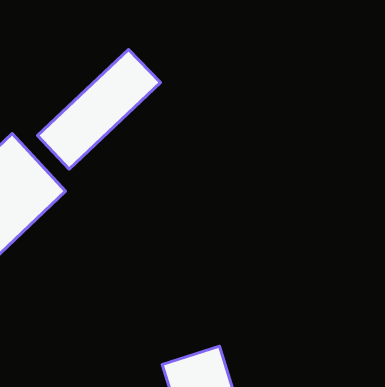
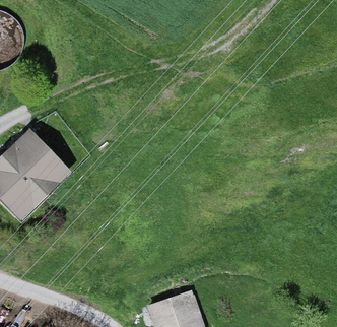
building: [37,50,161,169] -> none

